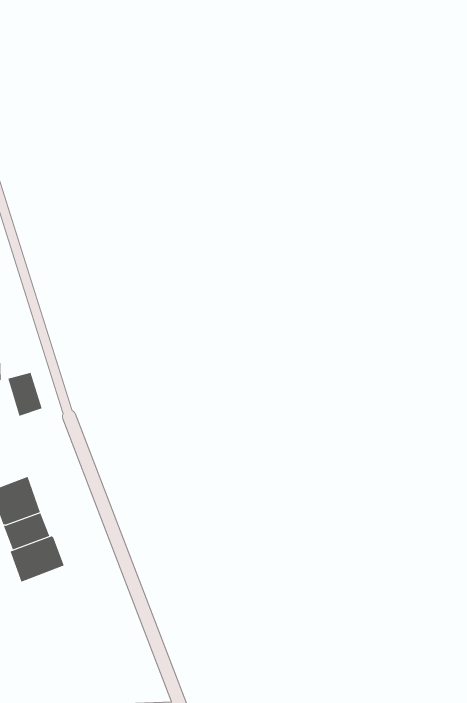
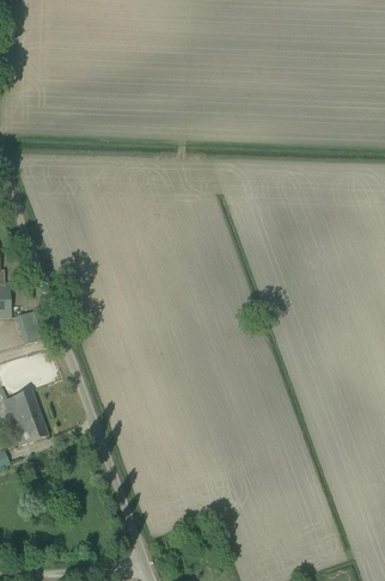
building: [10,536,65,582] -> none

